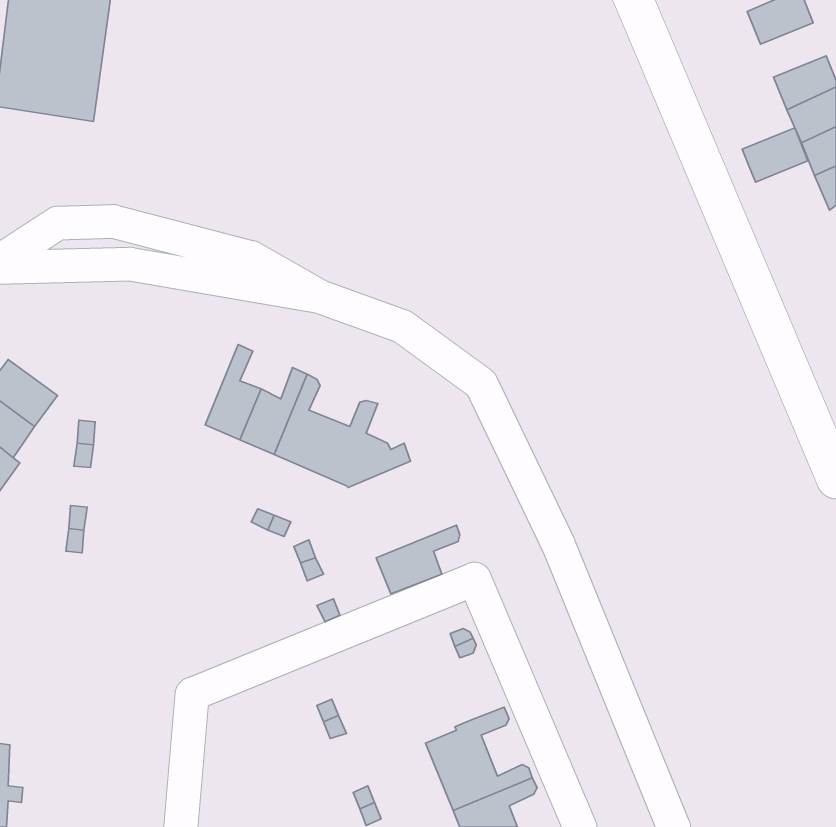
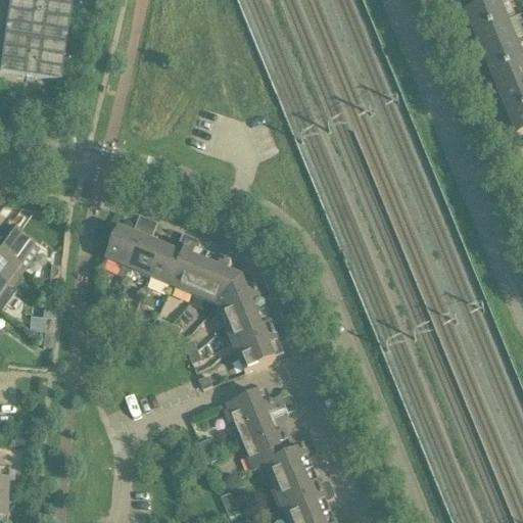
building: [742,128,808,182] -> [473,14,514,48]
building: none -> [105,211,148,265]
building: none -> [217,283,284,347]
building: none -> [226,388,292,468]

